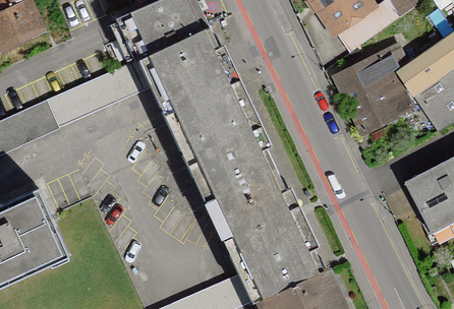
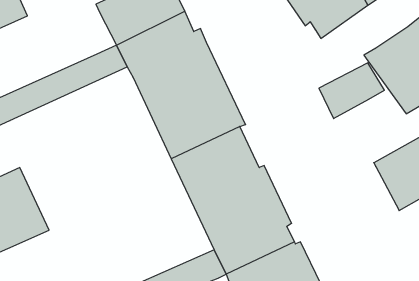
building: [334,43,407,105] -> none

